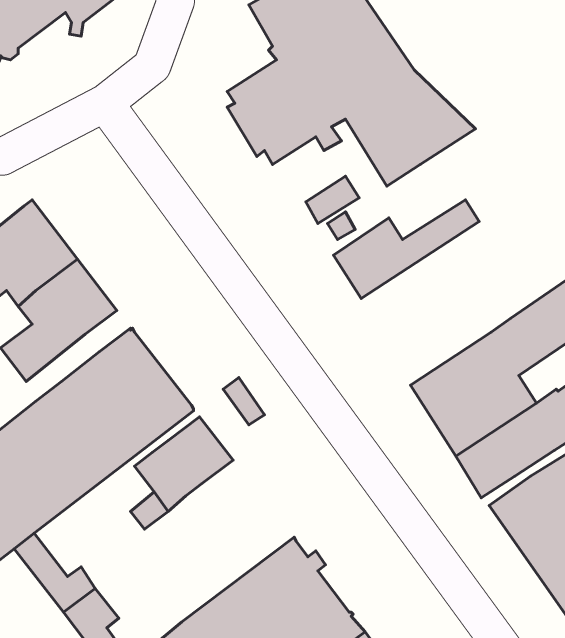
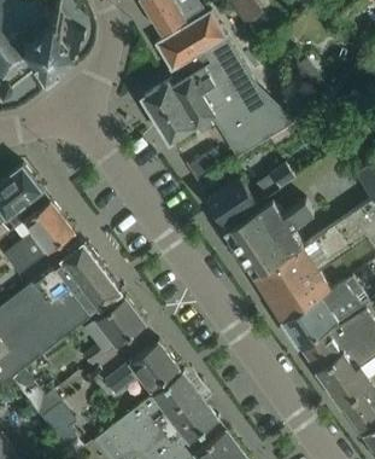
building: none -> [223,198,314,278]
building: none -> [104,341,180,394]

